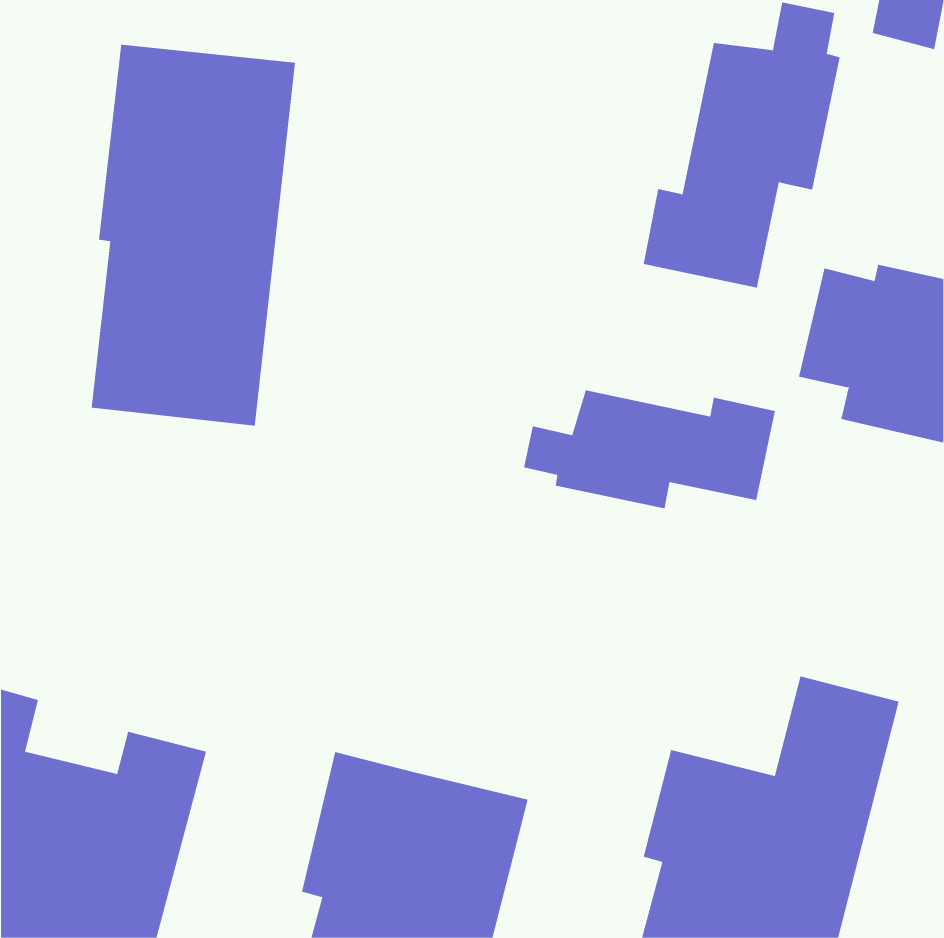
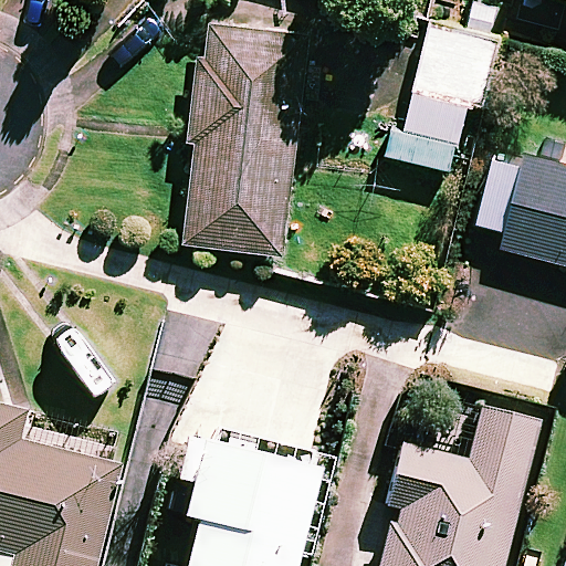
building: [91,44,296,426] -> [187,27,310,255]
building: [524,389,776,509] -> none

